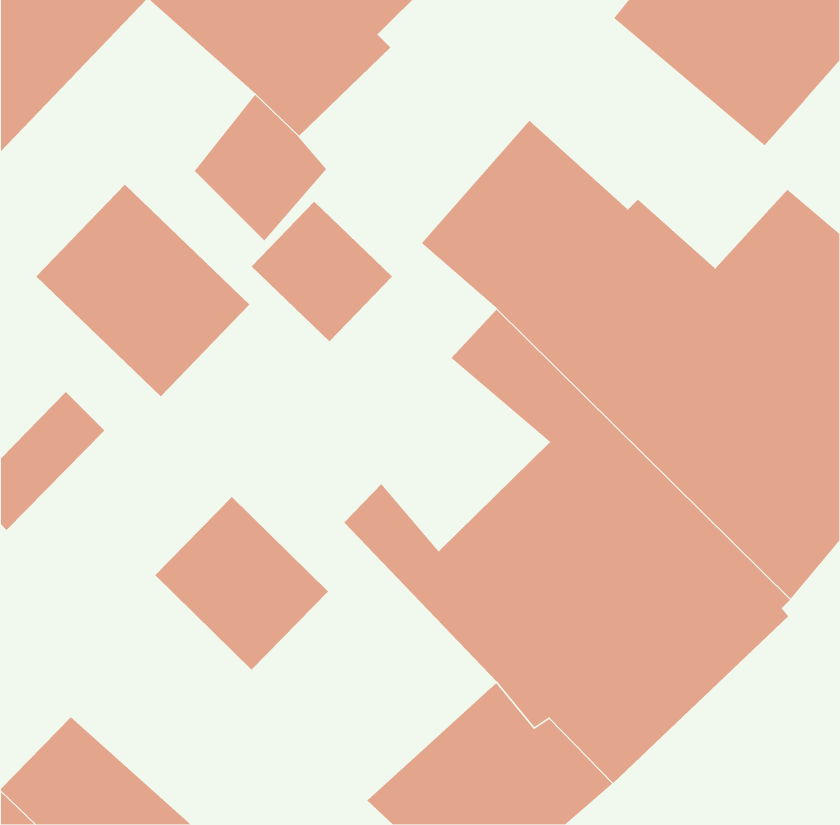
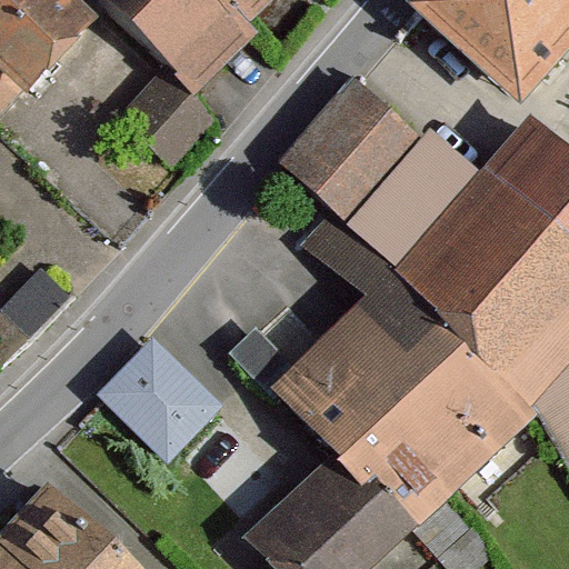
building: [35,184,250,397] -> none
building: [251,201,393,342] -> none

